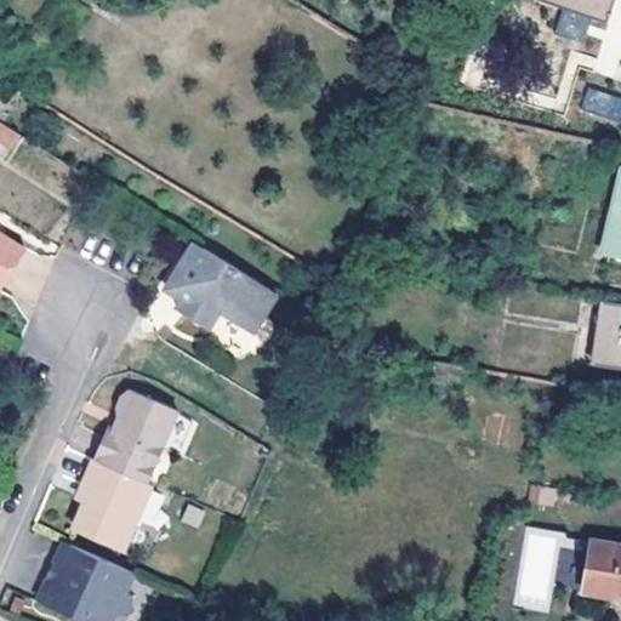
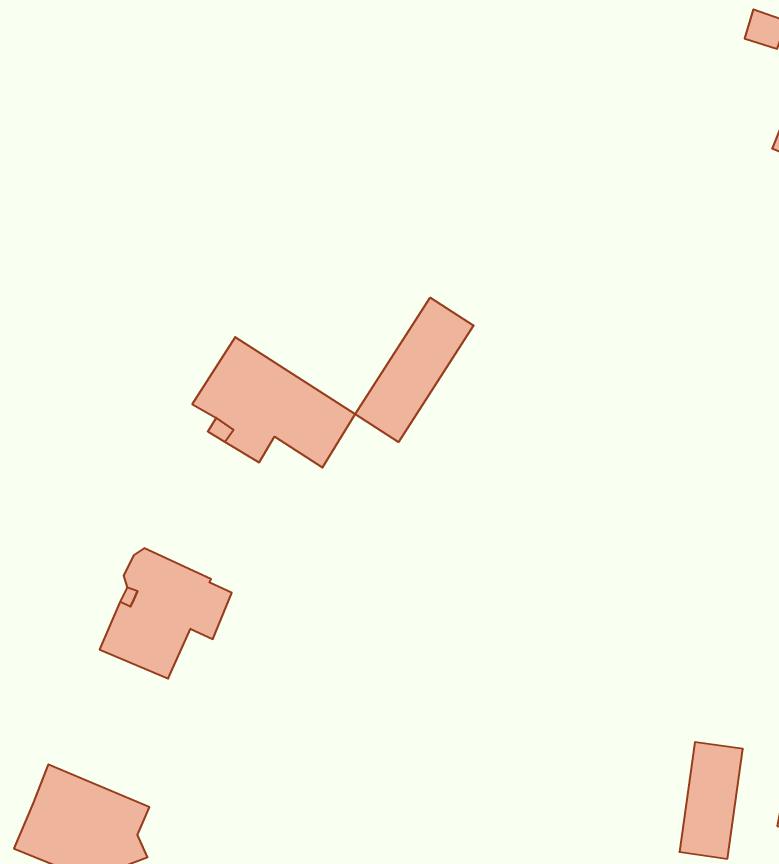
building: none -> [355,298,474,442]
building: [76,462,150,551] -> none

